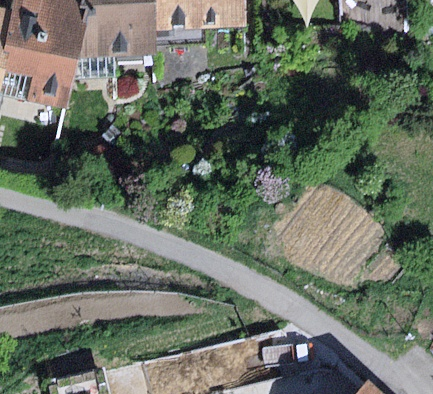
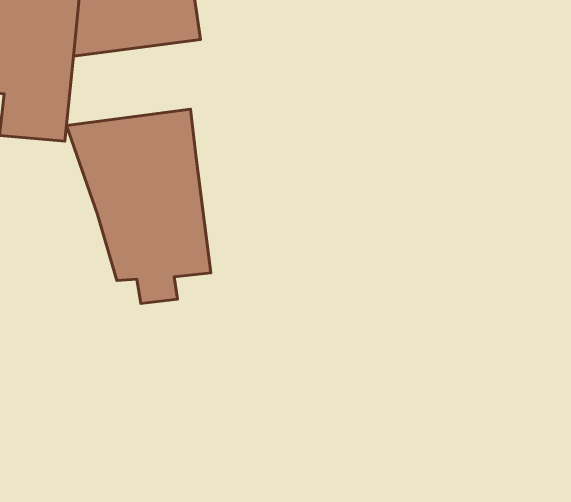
building: none -> [66,109,211,303]

